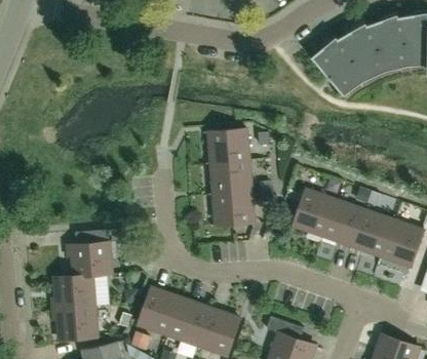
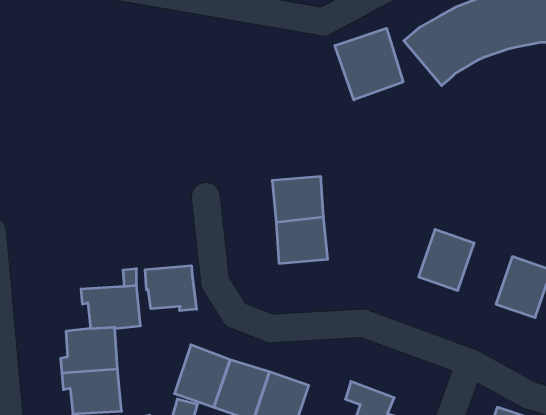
building: none -> [335,28,403,100]
building: [208,128,248,163] -> none
building: [293,190,335,236] -> none
building: [352,210,393,256] -> none
building: none -> [145,266,197,311]

